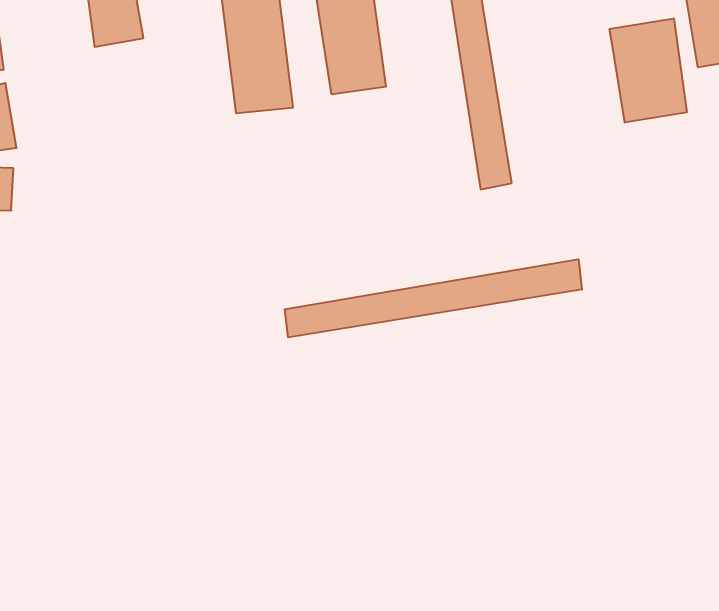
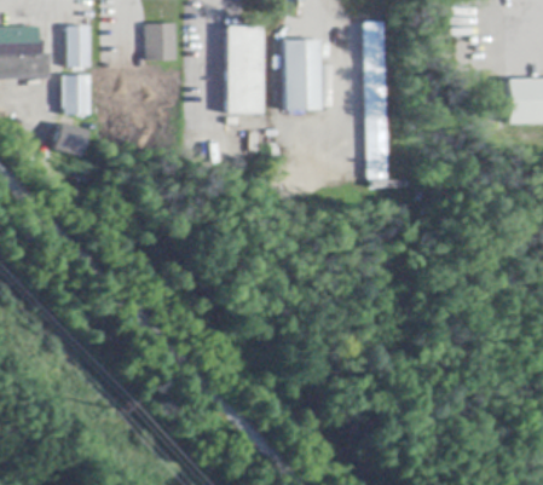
building: [610,18,687,123] -> none
building: [285,259,582,337] -> none

